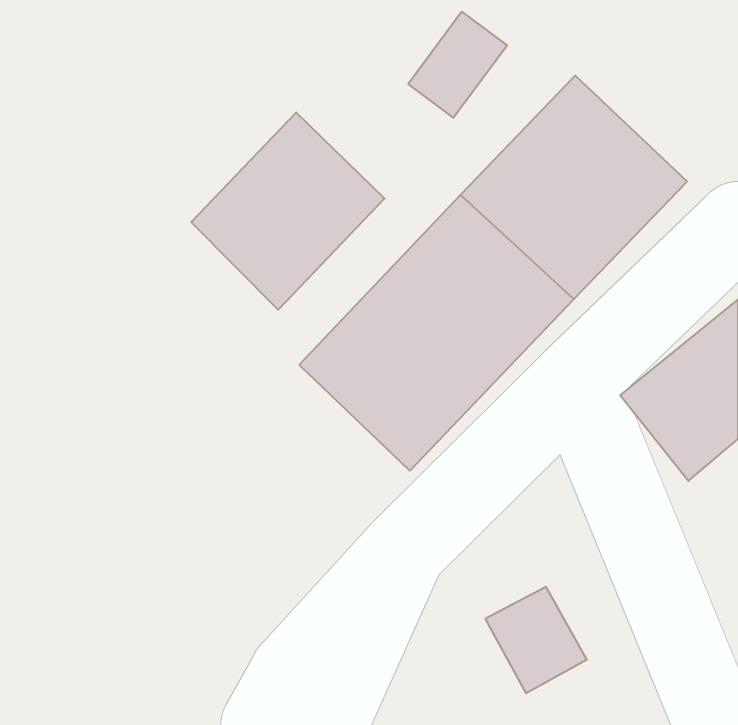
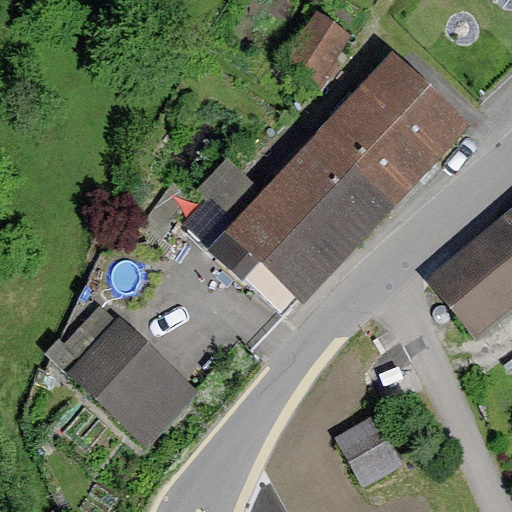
building: [191,112,385,310] -> none
building: none -> [49,303,210,459]

